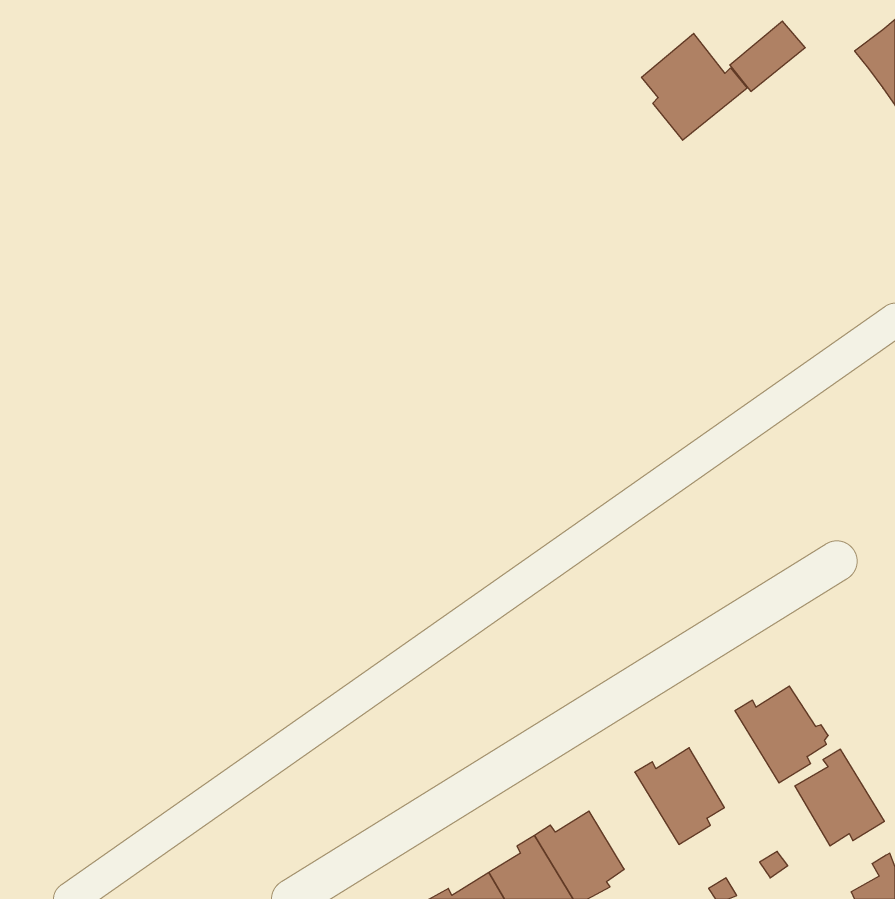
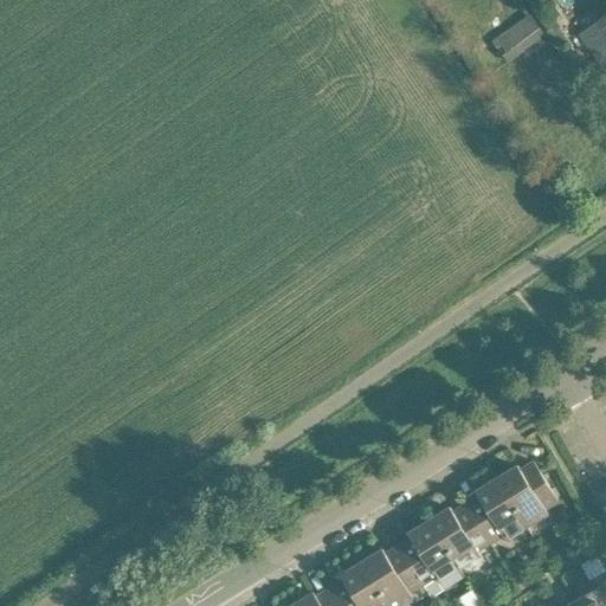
building: [642,33,747,140] -> none
building: [795,749,884,846] -> [464,478,524,543]
building: none -> [397,520,457,598]

